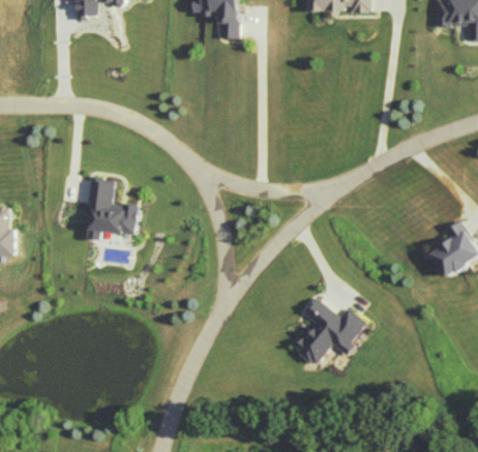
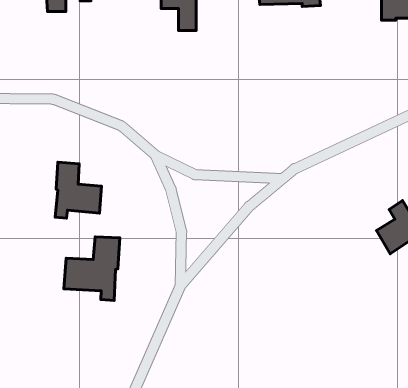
building: none -> [64,237,120,300]
building: [294,297,364,364] -> none

